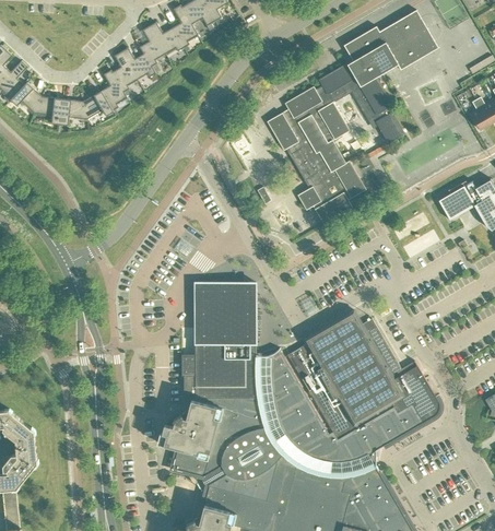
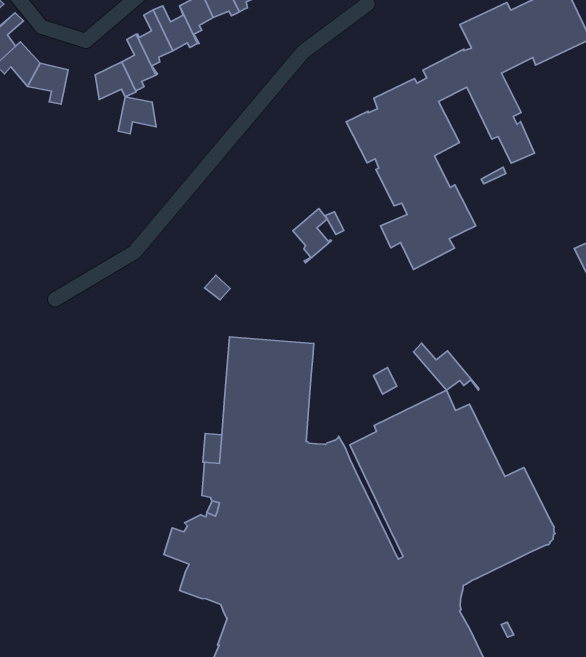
building: [60,99,87,126] -> [118,97,156,134]
building: none -> [293,209,332,263]
building: none -> [414,343,479,390]

